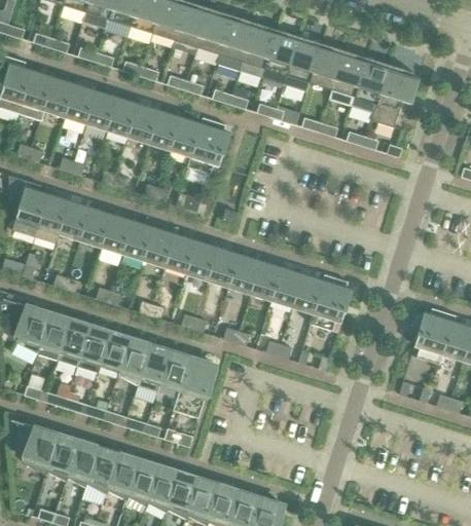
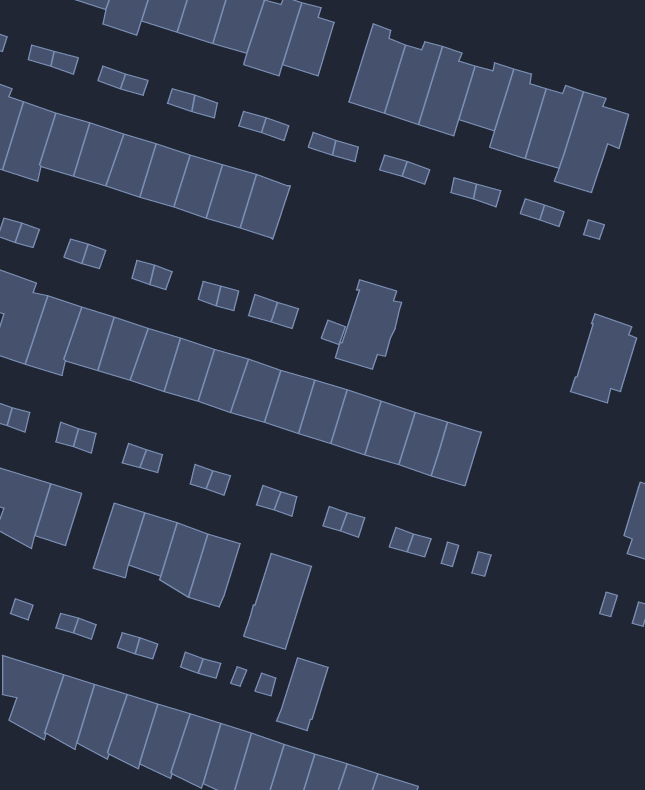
building: [217,17,255,70] -> none
building: [187,117,229,174] -> [335,280,402,369]
building: [310,273,352,330] -> [570,314,637,403]
building: [58,318,90,366] -> none
building: [157,350,190,397] -> [276,658,328,731]

